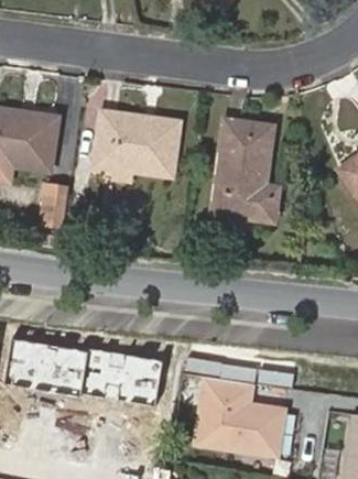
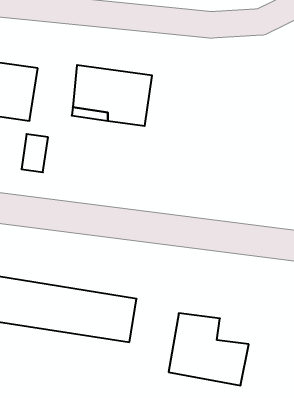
building: [211,119,280,221] -> none

